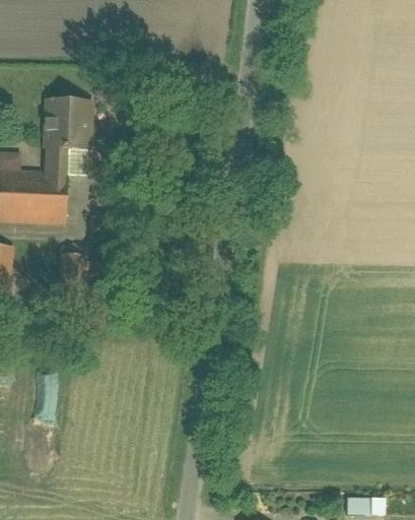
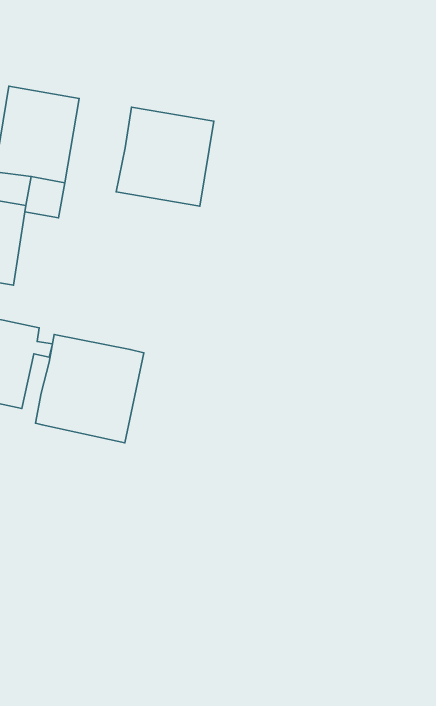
building: none -> [116,107,214,206]
building: none -> [35,334,144,443]

